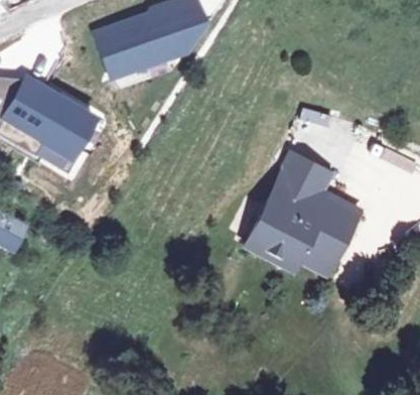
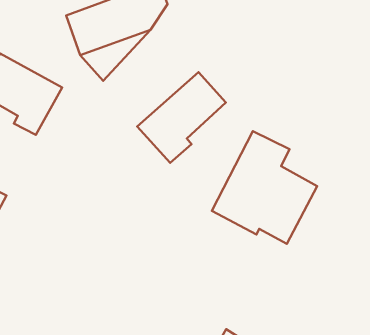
building: none -> [137,72,226,163]

